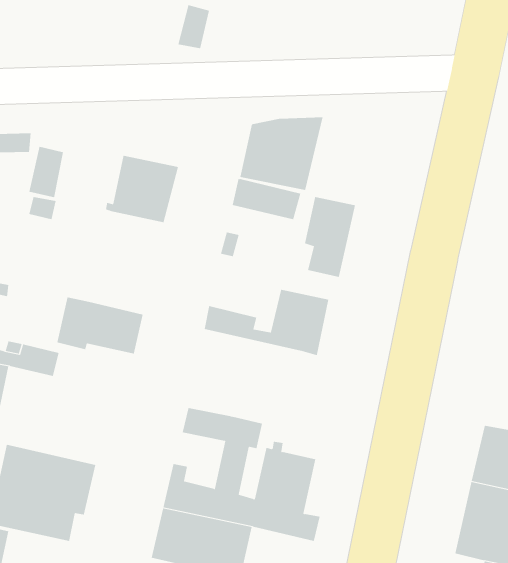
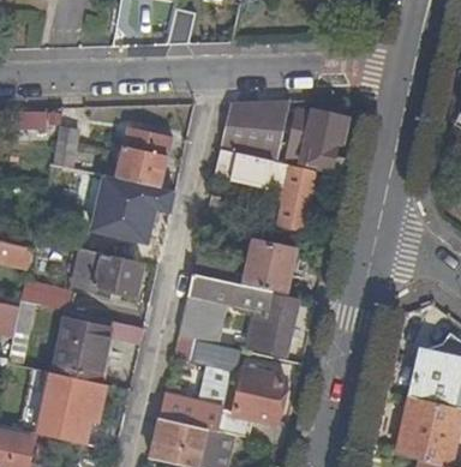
building: none -> [283,112,341,170]
building: none -> [97,176,163,262]
building: none -> [176,273,297,357]
building: none -> [54,318,143,377]

